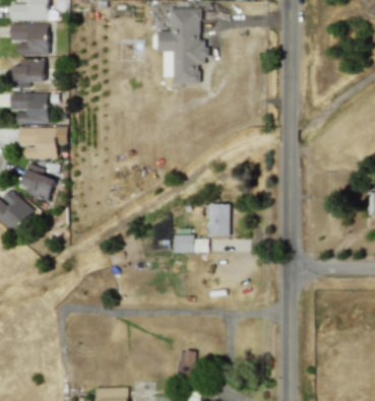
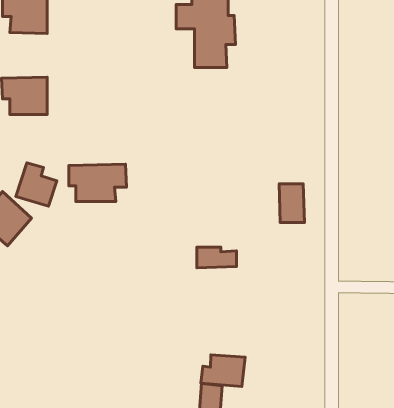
building: [13,58,45,87] -> none
building: [18,126,67,157] -> [69,164,127,202]
building: [208,203,230,236] -> [279,184,304,223]
building: none -> [201,355,245,386]

